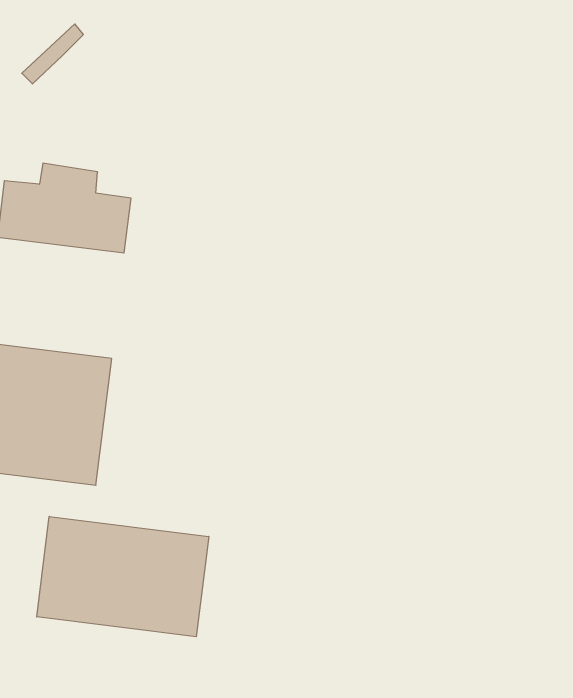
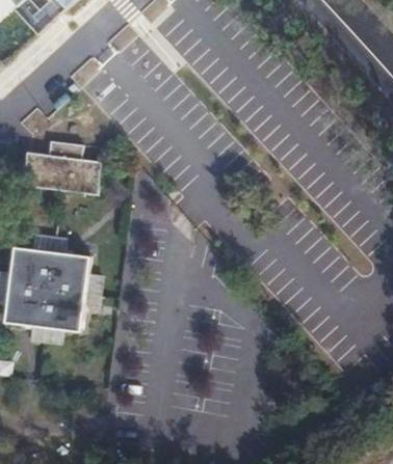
building: [37,516,209,637] -> none

